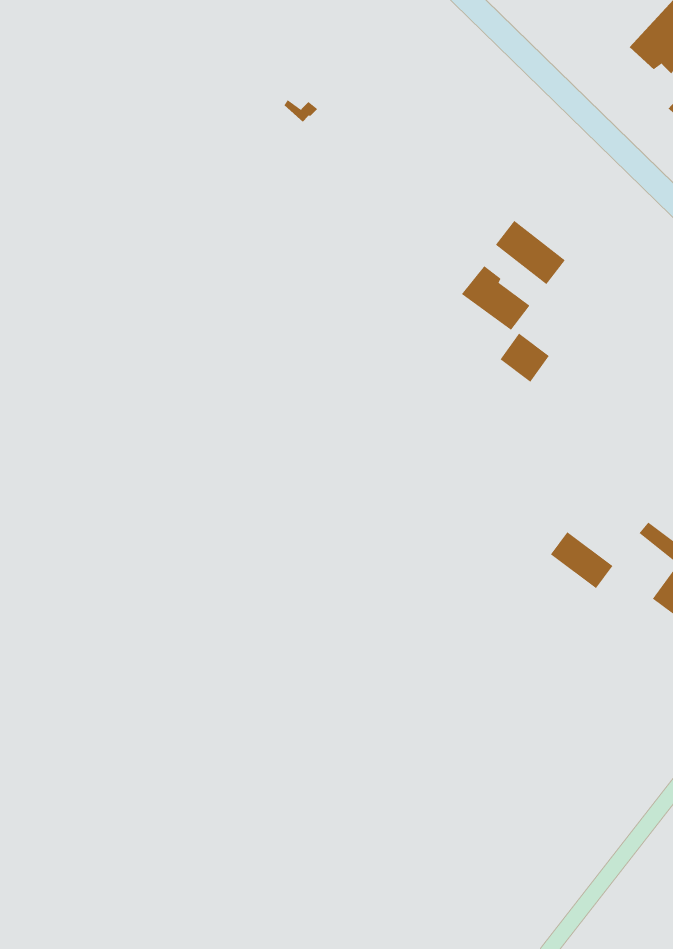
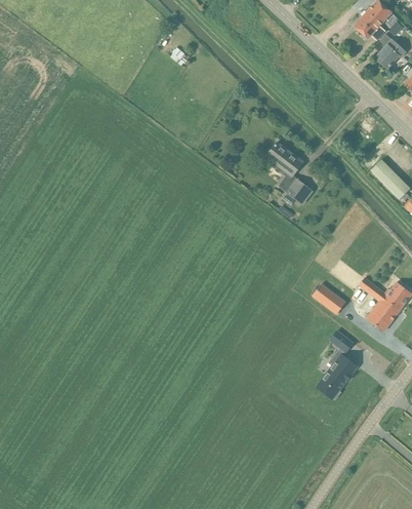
building: [495,220,566,285] -> none
building: none -> [316,330,357,399]

